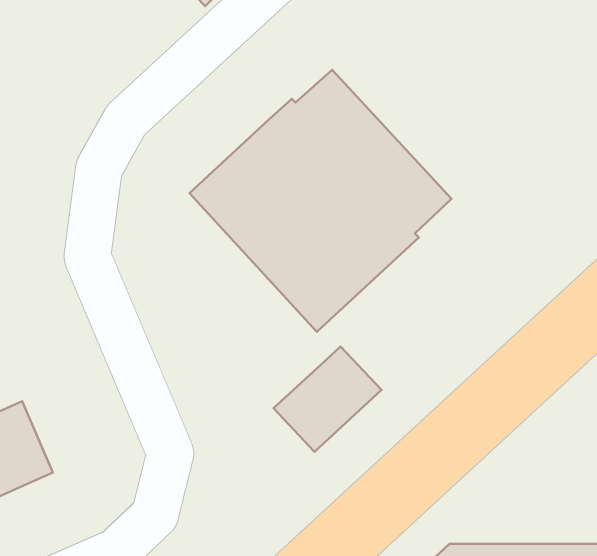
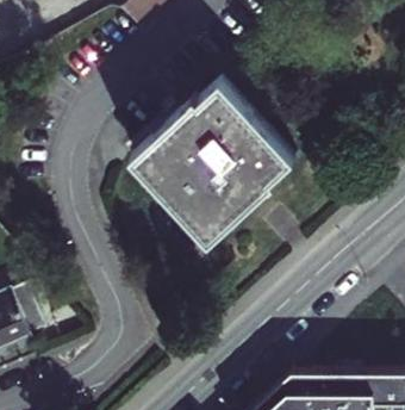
building: [274,346,381,452] -> none

